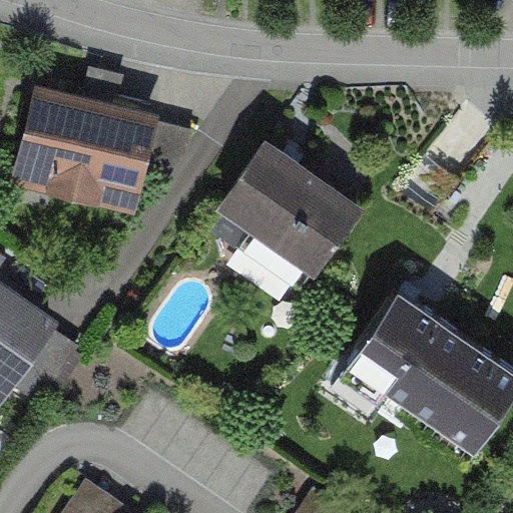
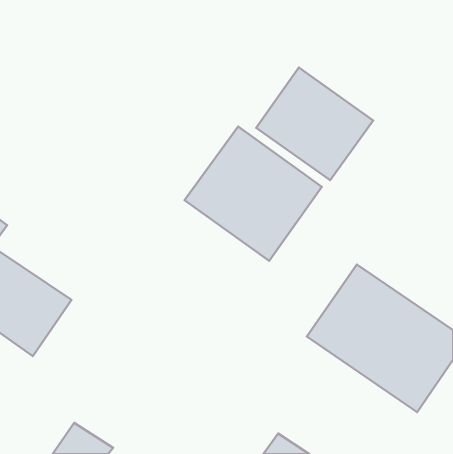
building: none -> [256,68,373,180]
building: [10,82,159,211] -> none

